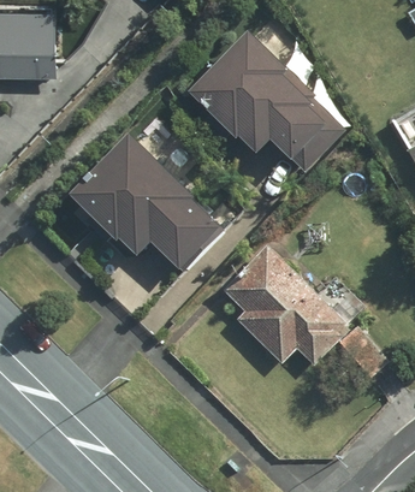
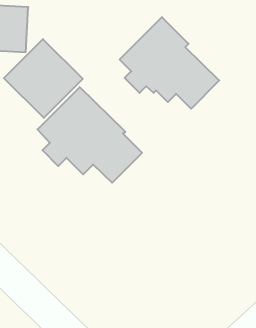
building: none -> [4,39,83,118]
building: [219,247,350,368] -> none

